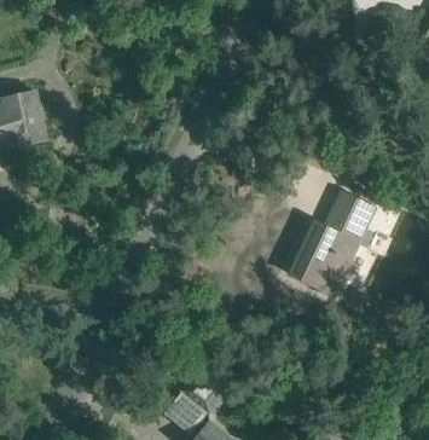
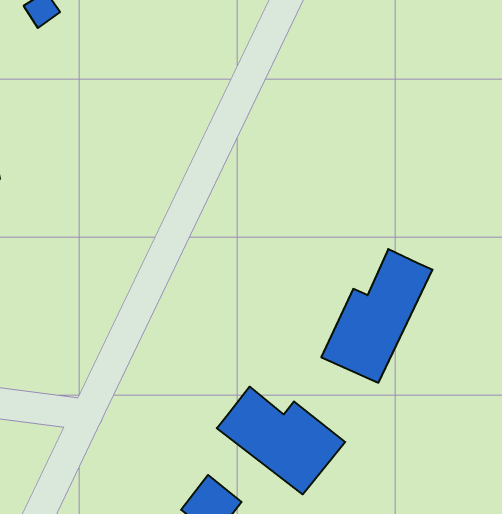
building: none -> [217,387,345,494]

